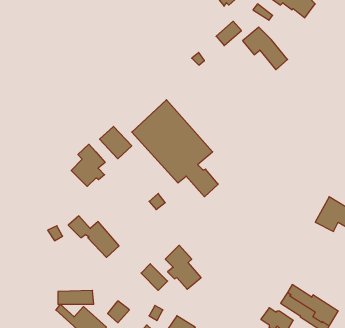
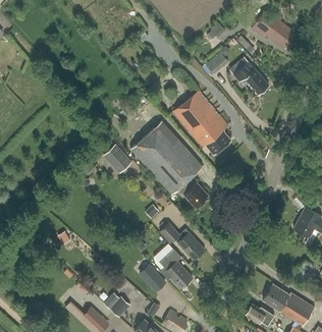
building: none -> [173,91,231,155]
building: [71,144,105,186] -> none
building: [68,216,119,257] -> [160,224,205,261]

